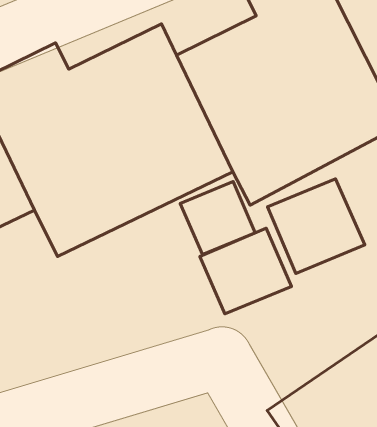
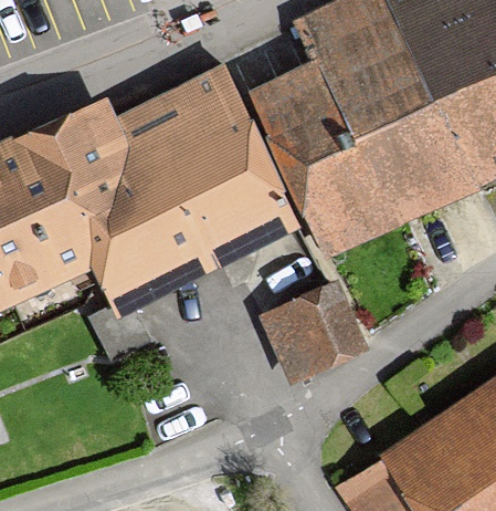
building: [268,179,365,274] -> none
building: [180,181,255,255] -> none

